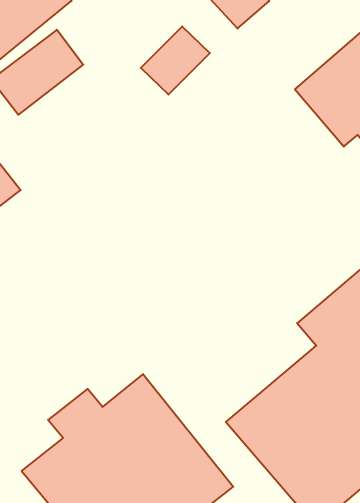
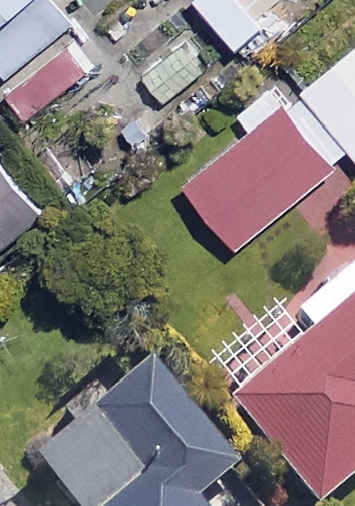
building: none -> [182,107,330,250]

